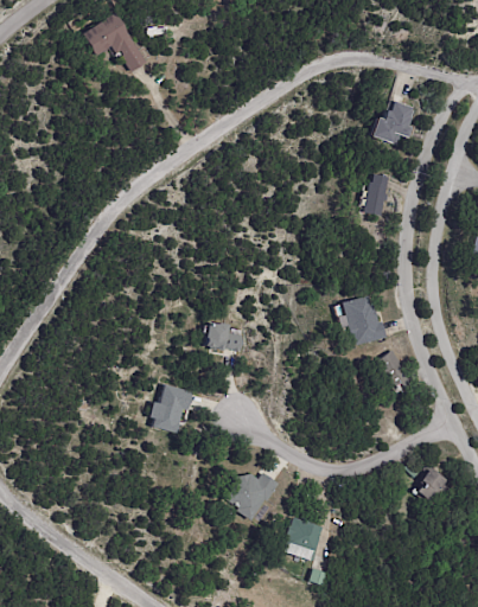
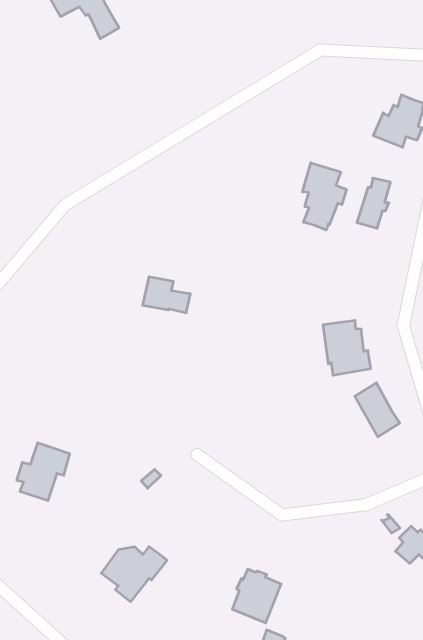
building: none -> [303,163,346,230]
building: [202,320,242,349] -> [143,277,190,313]
building: [147,382,191,430] -> [17,443,70,500]
building: [224,472,280,520] -> [101,547,167,602]

